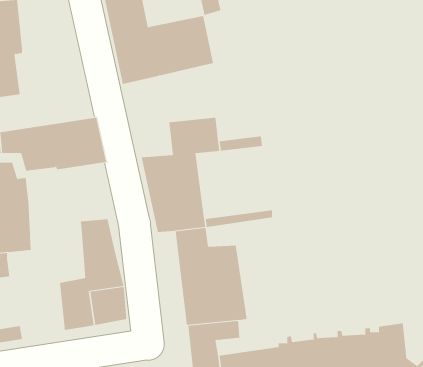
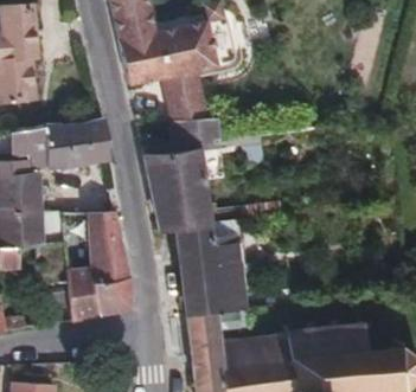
building: none -> [162,72,204,123]

